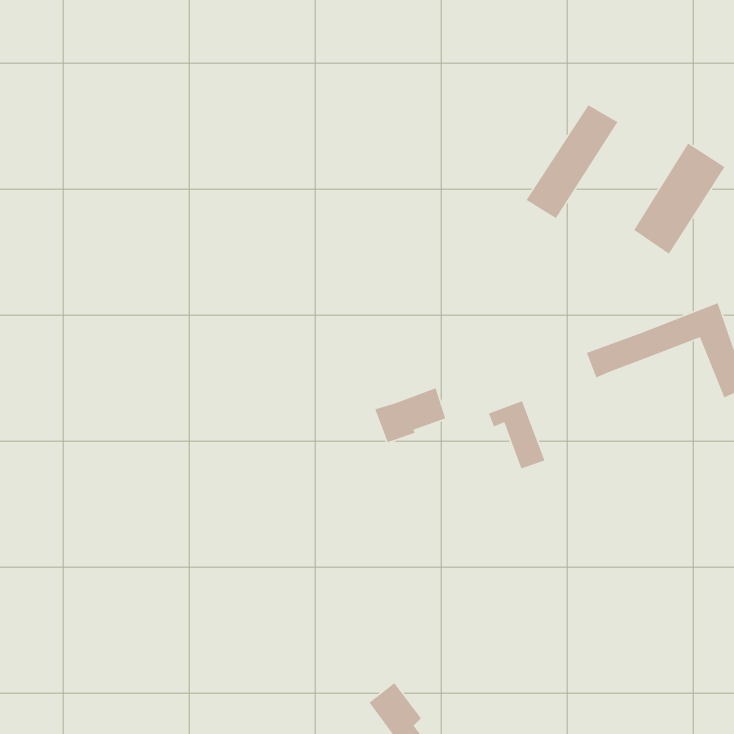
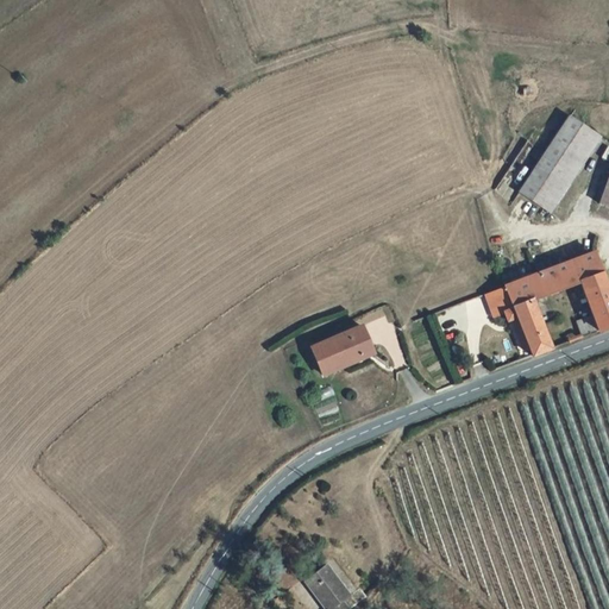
building: [526,104,618,219] -> none
building: [488,400,545,469] -> [504,299,552,356]

